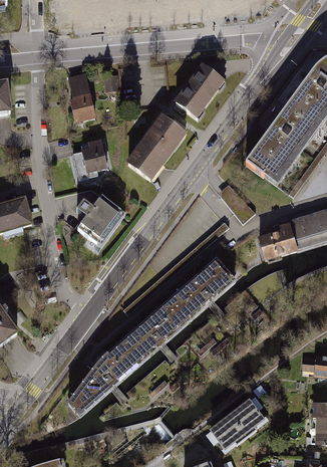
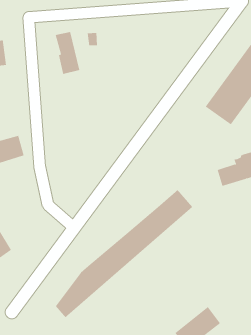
building: [173,65,225,121] -> none
building: [128,115,189,182] -> none
building: [82,139,108,174] -> none
building: [76,196,126,246] -> none

